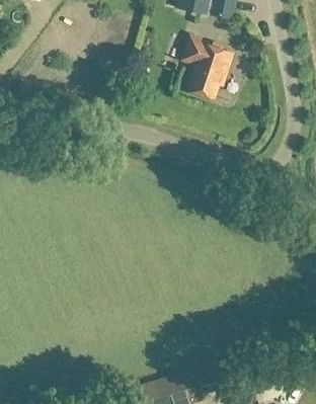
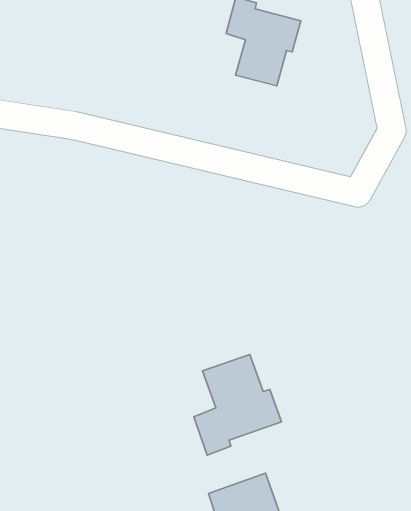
building: none -> [194,355,281,455]

